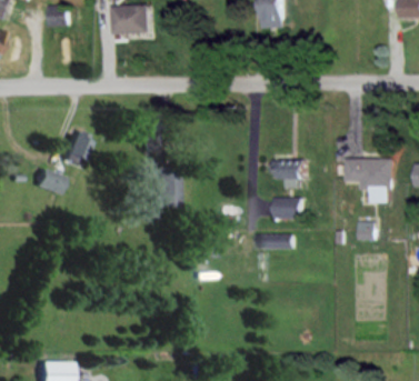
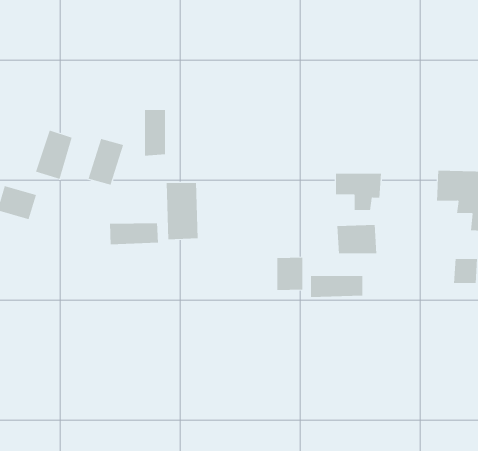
building: none -> [88,138,124,186]
building: none -> [109,223,159,245]
building: none -> [277,257,303,291]

